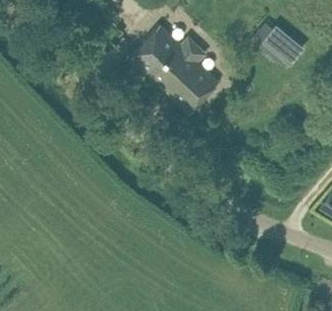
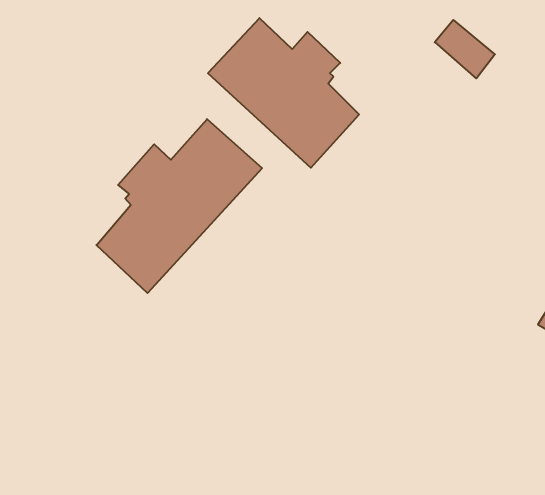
building: none -> [96,119,262,293]

